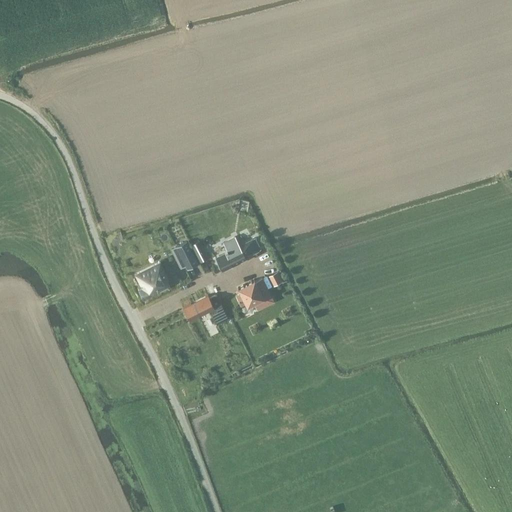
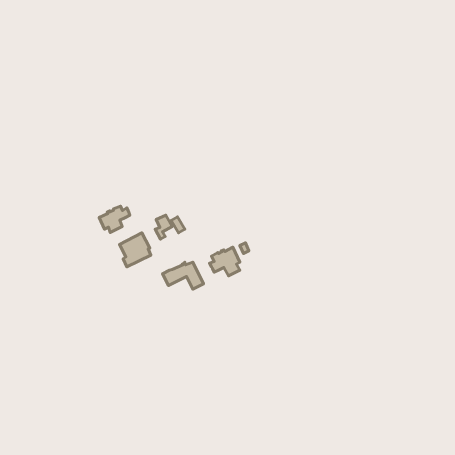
building: none -> [99,206,130,233]
building: [215,237,261,272] -> none

